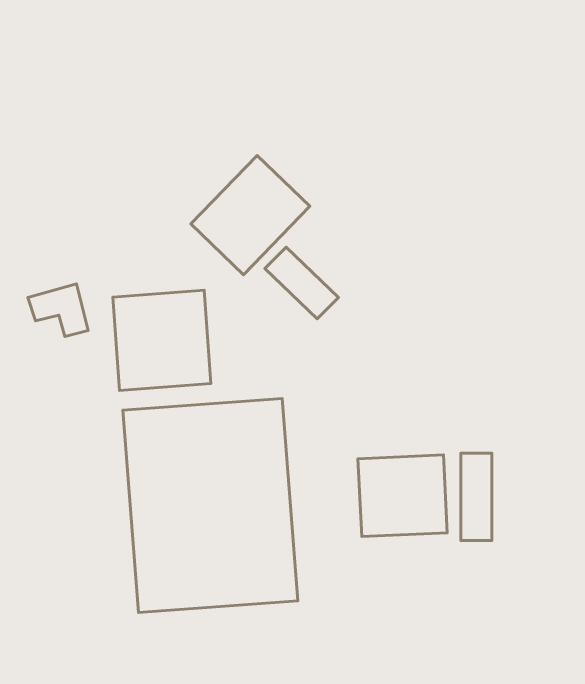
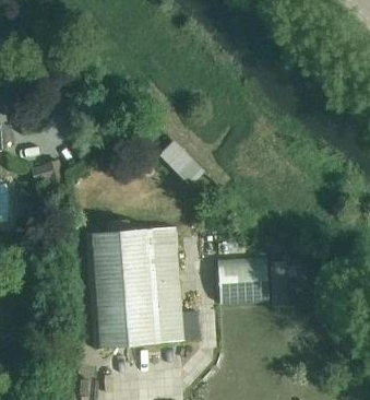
building: [191,155,310,275] -> none
building: [113,290,211,391] -> none

